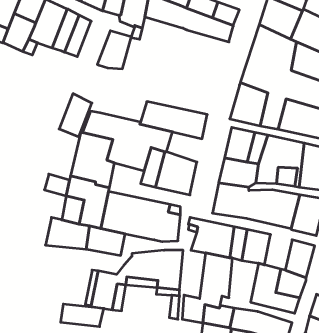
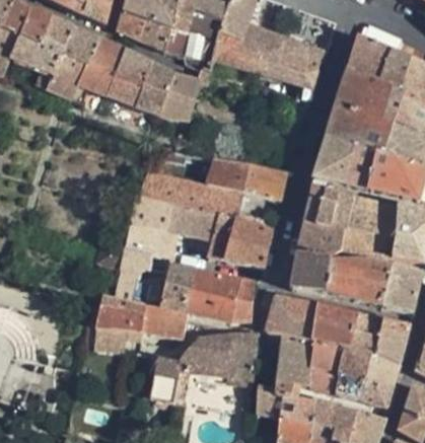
building: [59,94,92,137] -> [134,63,172,114]
building: none -> [353,313,385,355]
building: none -> [311,341,346,392]
building: [61,304,104,327] -> [93,325,144,352]

